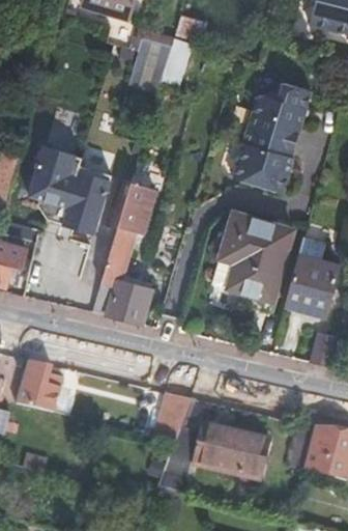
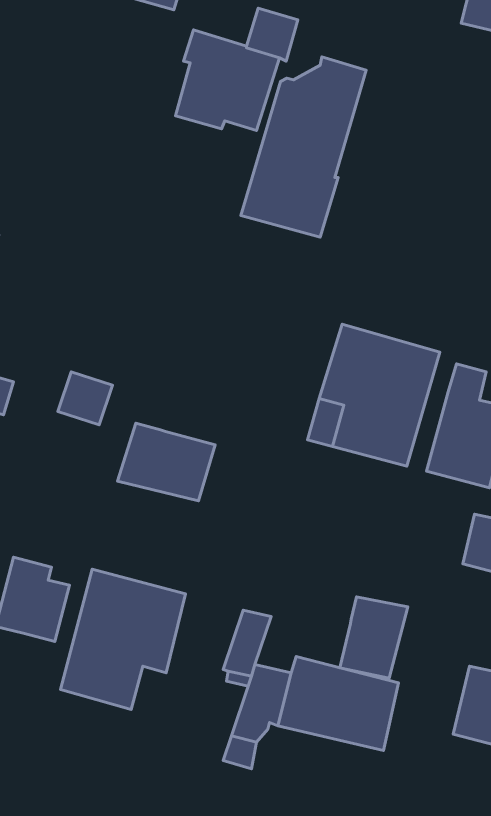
building: [232,80,311,193] -> [241,57,366,237]
building: [28,144,111,231] -> none
building: [104,181,161,279] -> none
building: none -> [61,569,186,710]
building: none -> [340,597,408,678]

